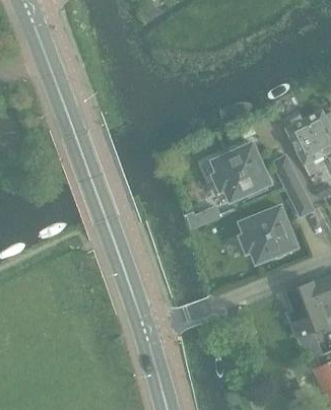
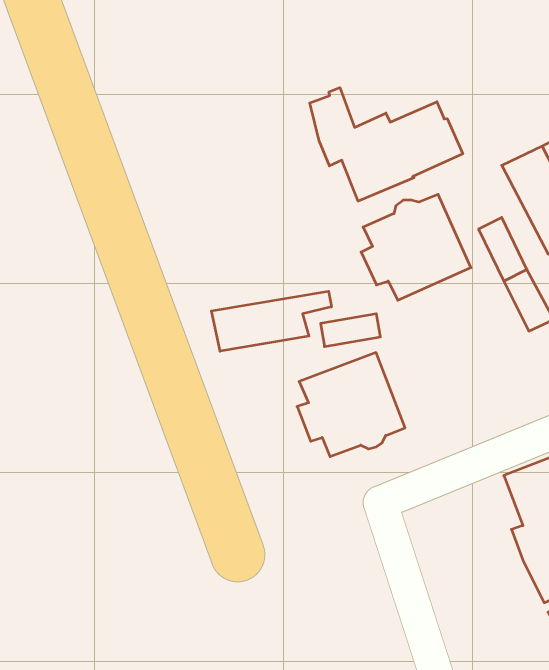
building: none -> [310,88,463,201]
building: none -> [211,291,331,351]
building: [240,206,296,261] -> [297,353,405,457]

